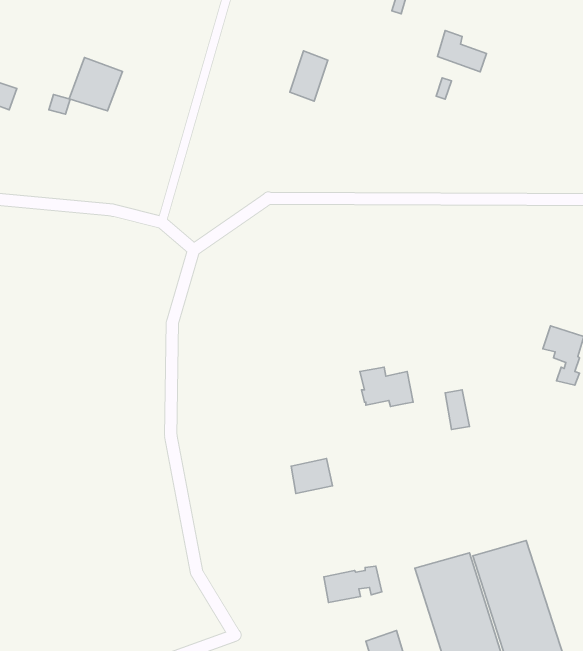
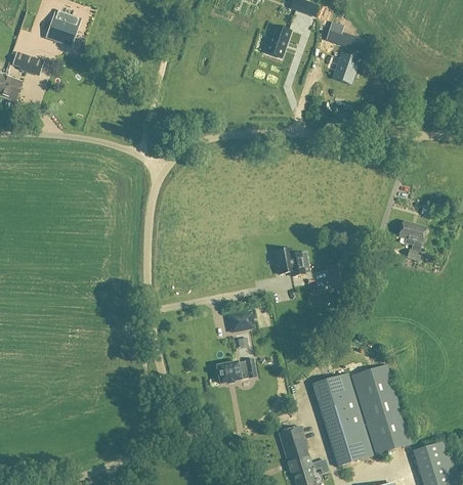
building: [290,51,328,101] -> [264,24,290,57]
building: [69,58,123,111] -> [45,8,81,44]
building: none -> [331,52,359,84]
building: [324,566,382,603] -> [216,358,255,383]

